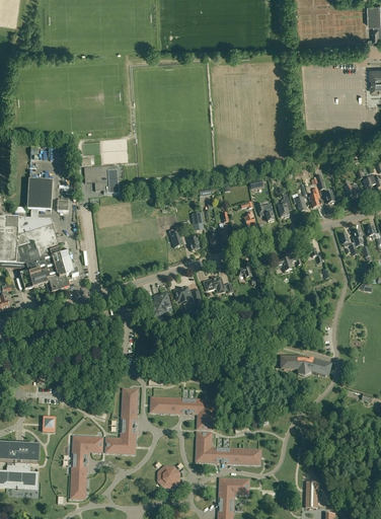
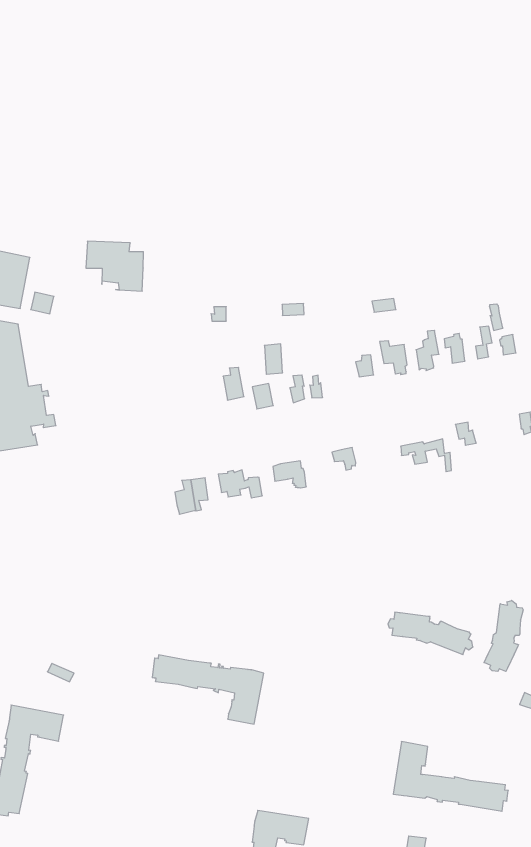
building: none -> [484,600,523,671]
building: [105,388,138,453] -> none
building: [196,431,260,463] -> [393,742,508,811]
building: [158,465,180,488] -> none

